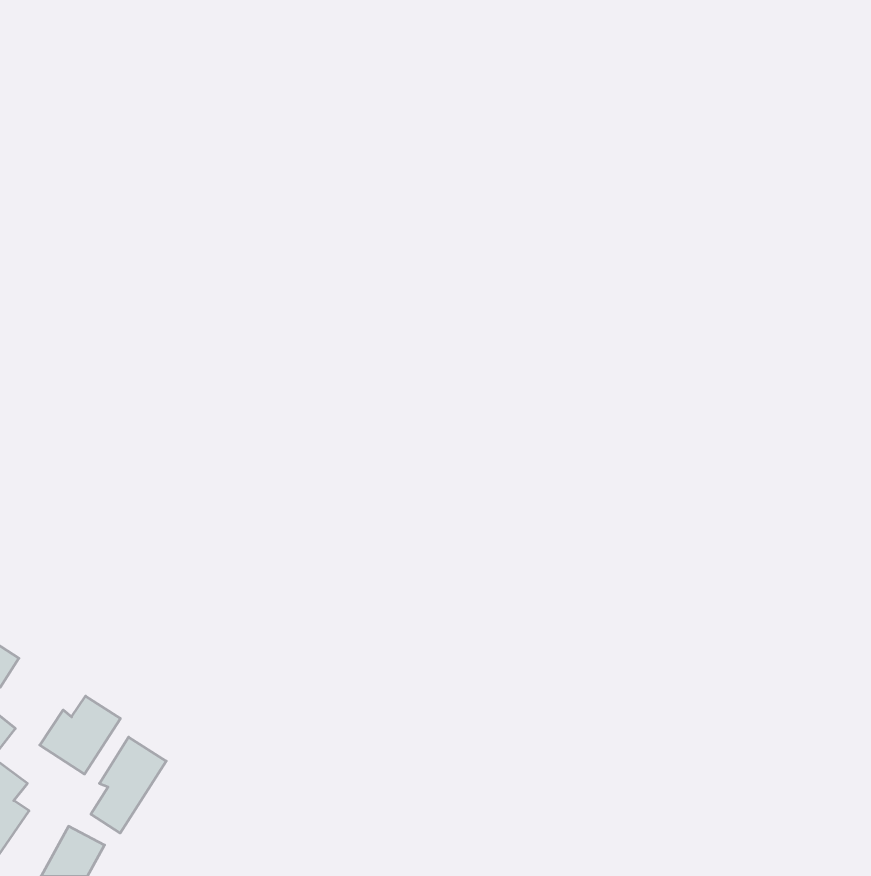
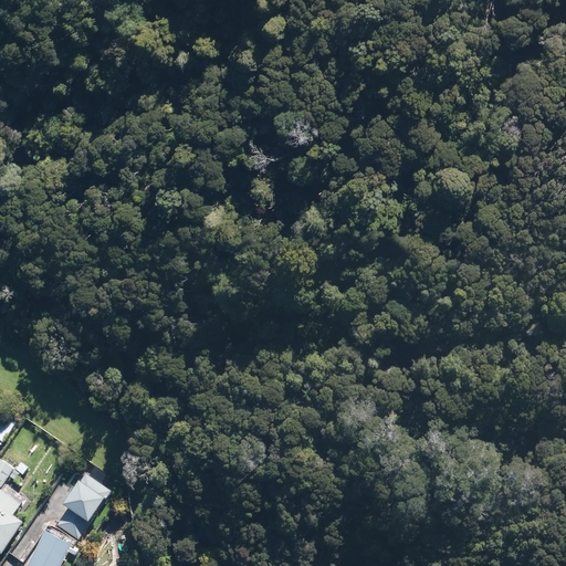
building: [40,696,120,774] -> none

